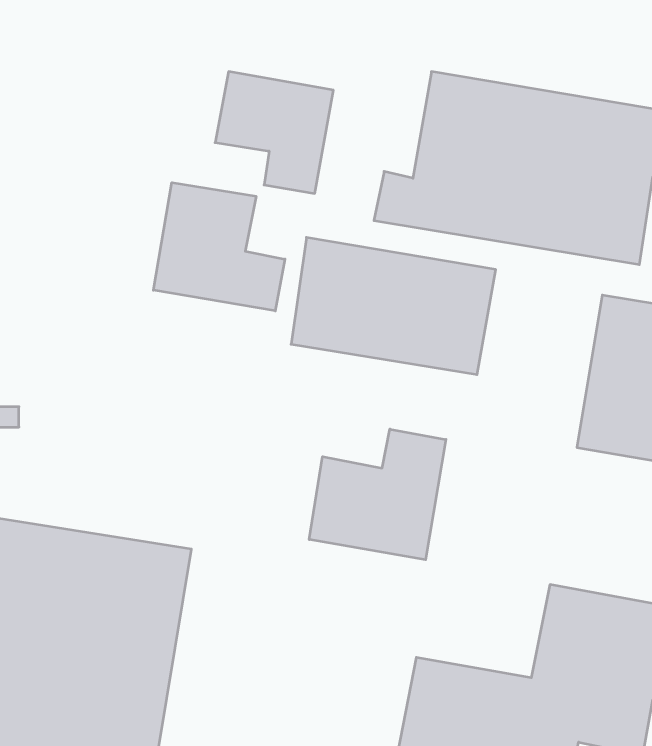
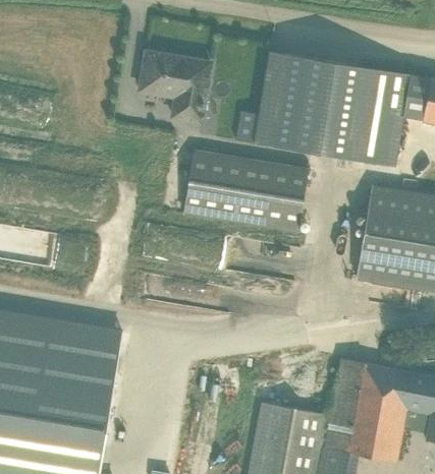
building: [153,183,285,311] -> none
building: [309,429,446,560] -> none

